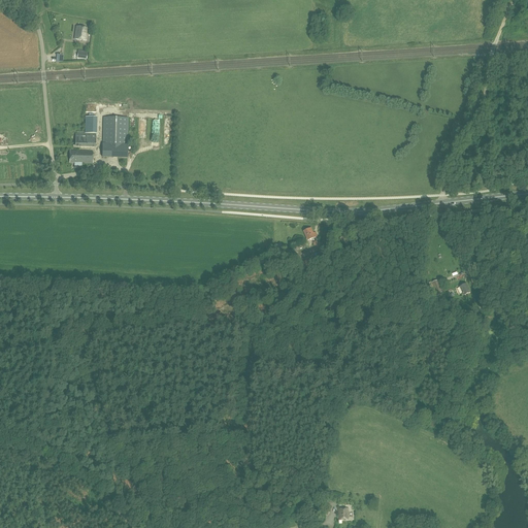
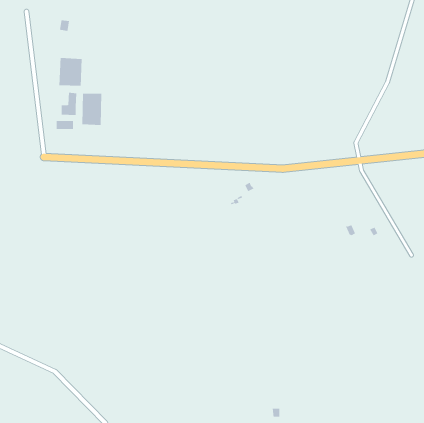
building: none -> [59,57,82,86]

